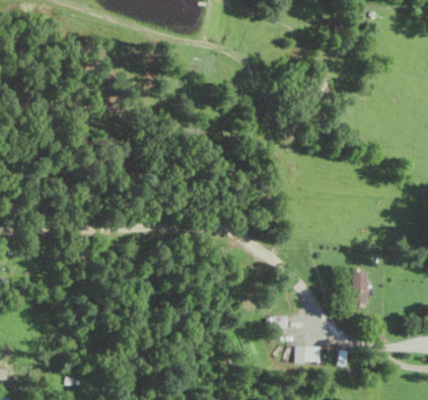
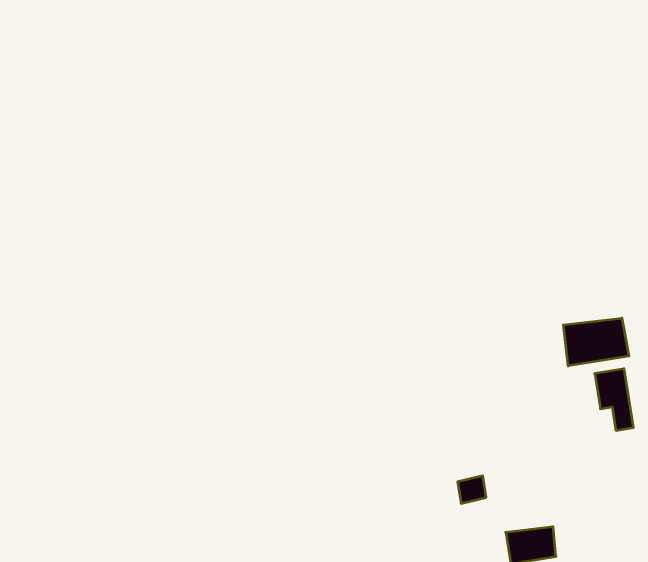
building: none -> [563,318,629,366]

